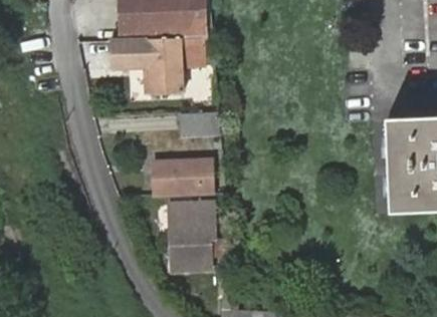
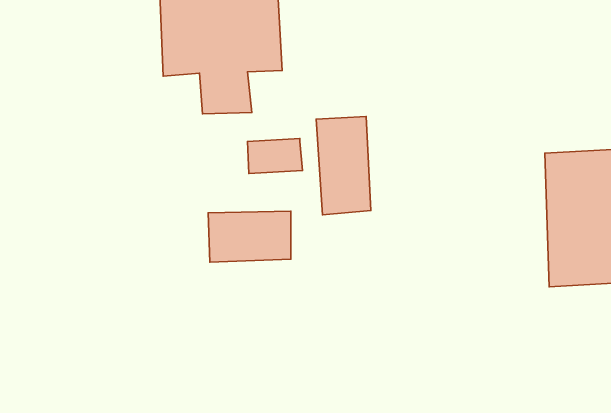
building: none -> [316,116,371,215]
building: [170,204,214,272] -> none

